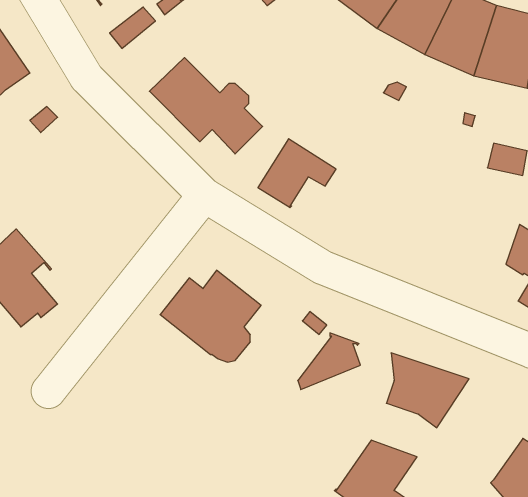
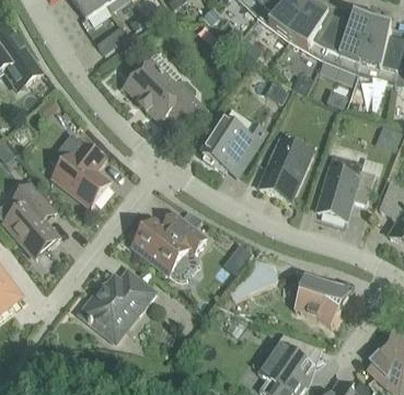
building: none -> [50,133,109,206]
building: none -> [258,139,312,201]
building: none -> [318,156,374,219]
building: none -> [79,269,155,339]

